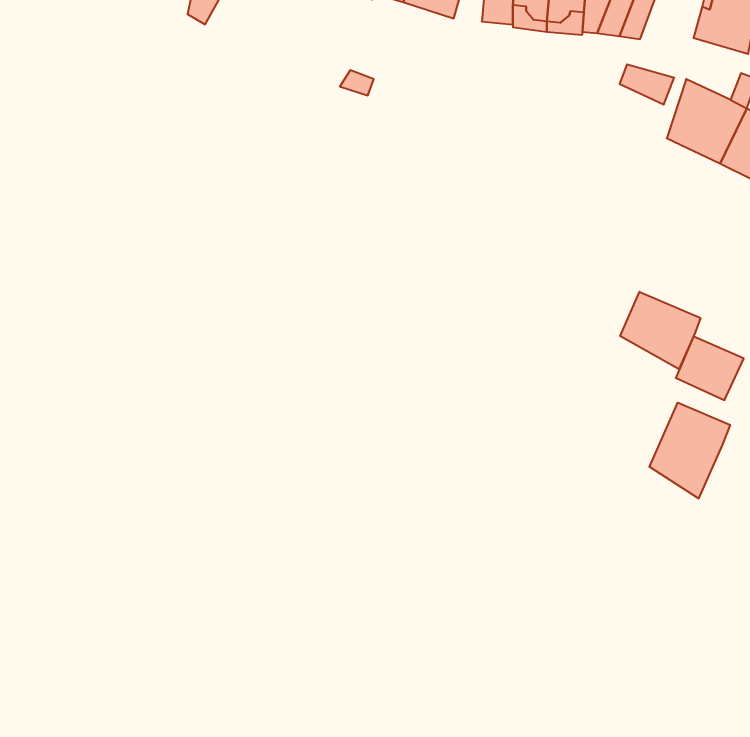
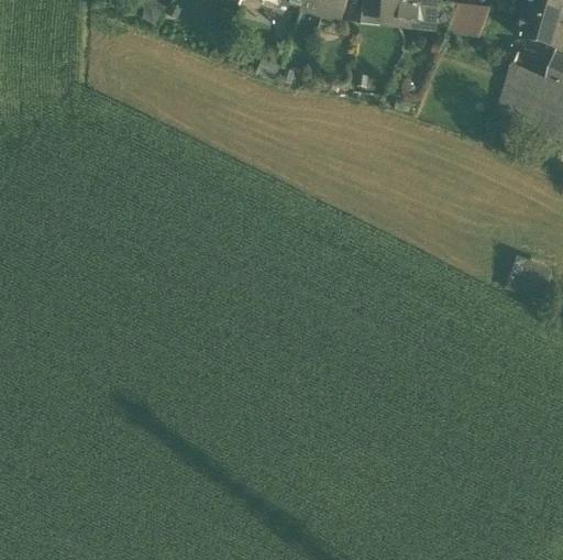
building: [620,64,674,104] -> [512,50,553,79]
building: [620,292,700,369] -> none
building: [649,403,730,499] -> none

